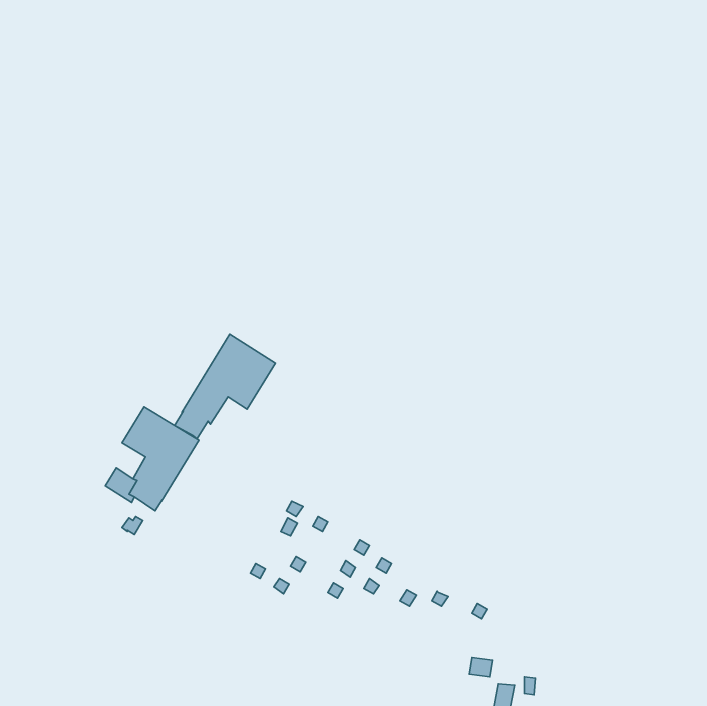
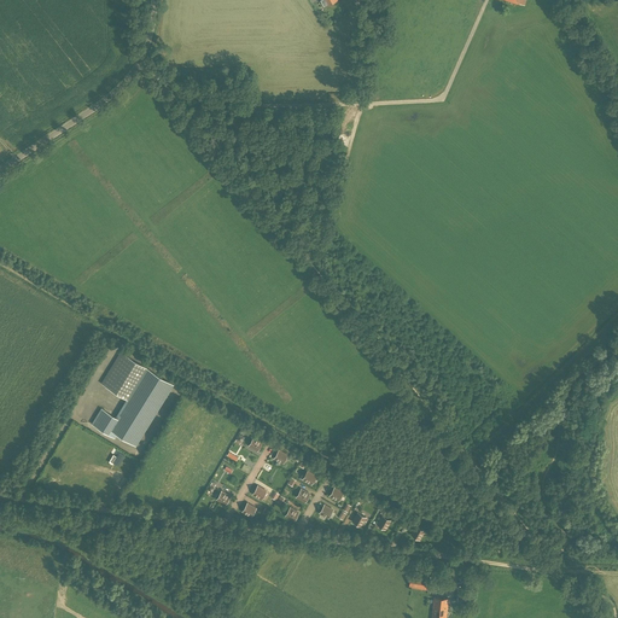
building: [175,334,275,439] -> none

